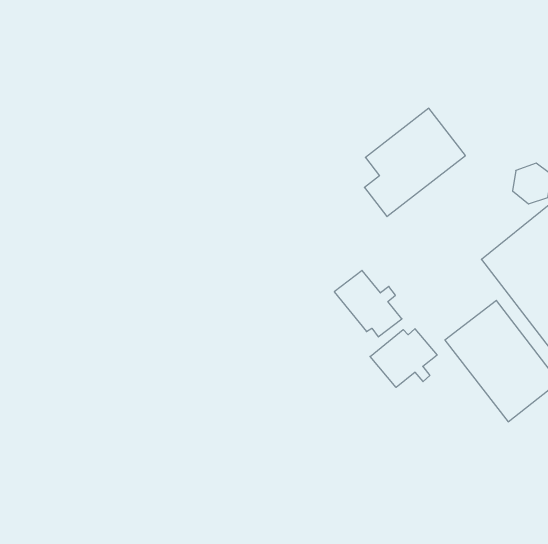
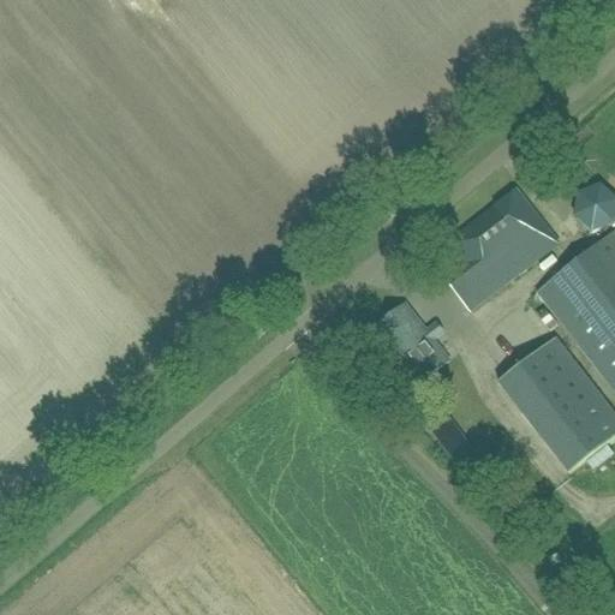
building: [364,108,465,217] -> [446,187,559,309]
building: [370,329,437,387] -> none

